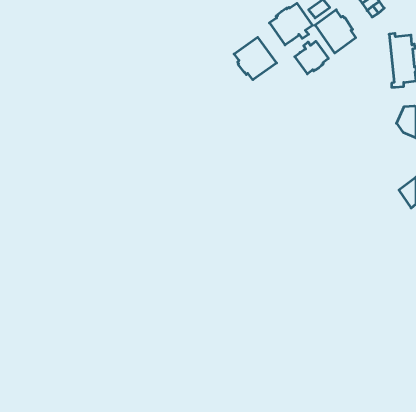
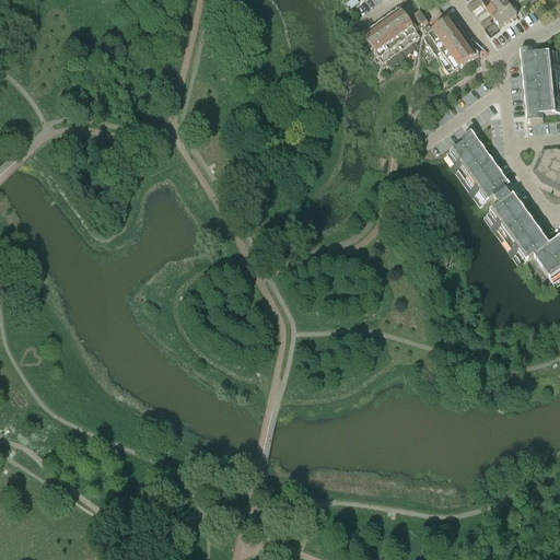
building: [234,37,277,80] -> none
building: [295,41,328,74] -> none
building: none -> [447,129,547,260]

